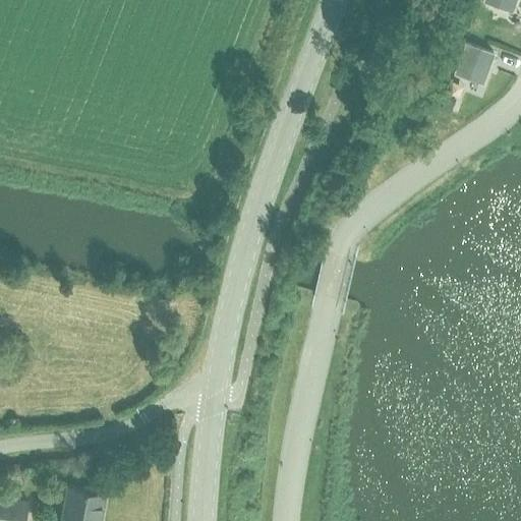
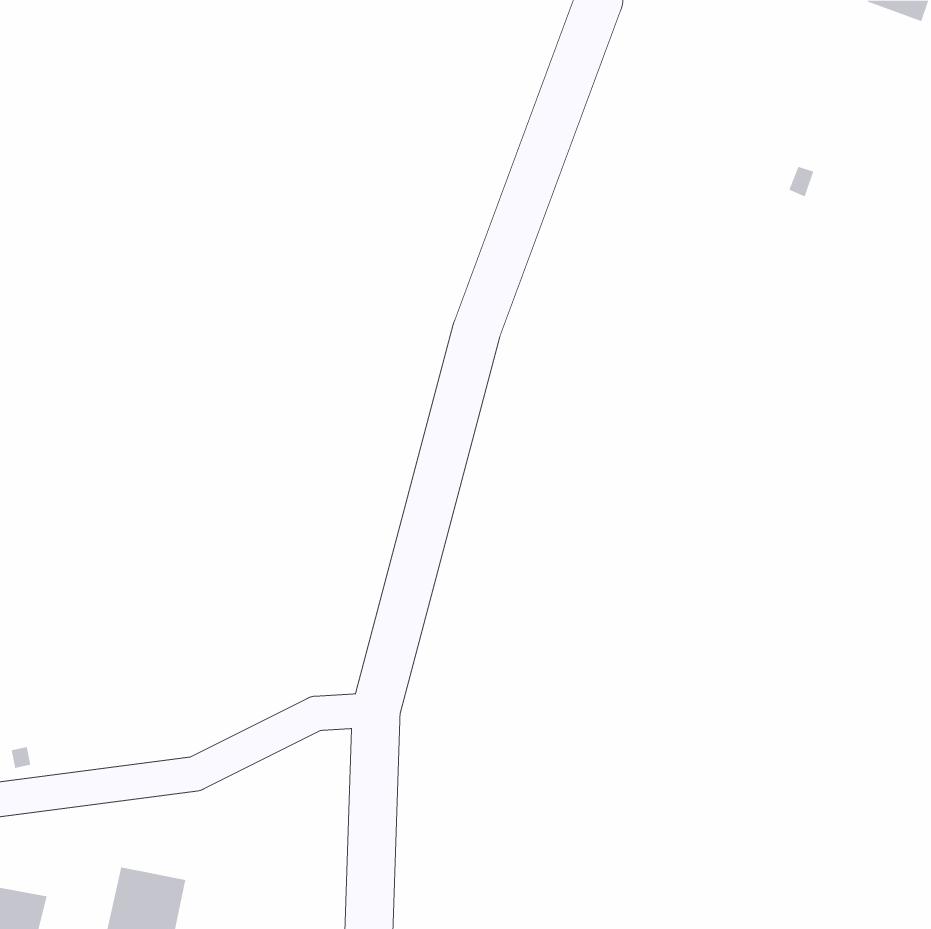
building: [455,43,497,86] -> none

